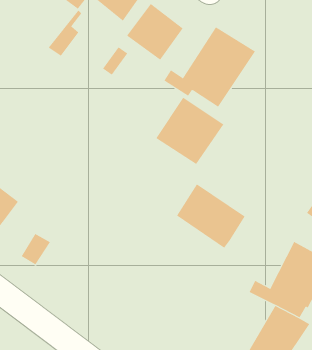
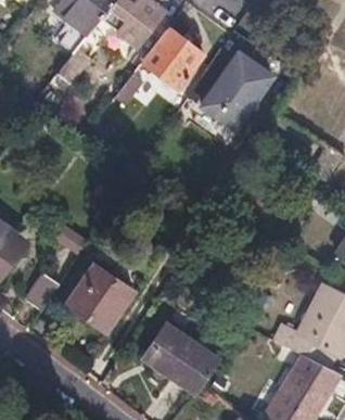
building: [155,97,224,165] -> none
building: [176,183,246,249] -> [145,324,220,395]
building: none -> [62,264,130,332]

